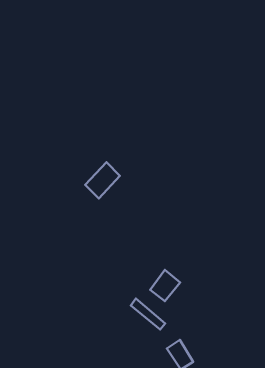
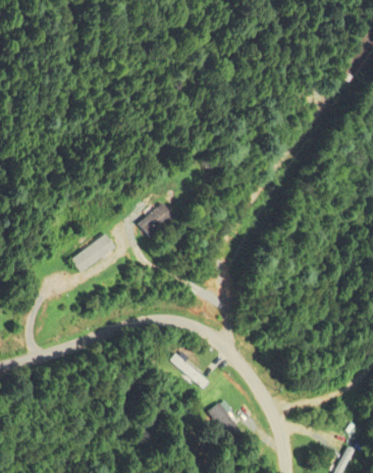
building: none -> [69,232,115,273]
building: [150,270,180,301] -> none

